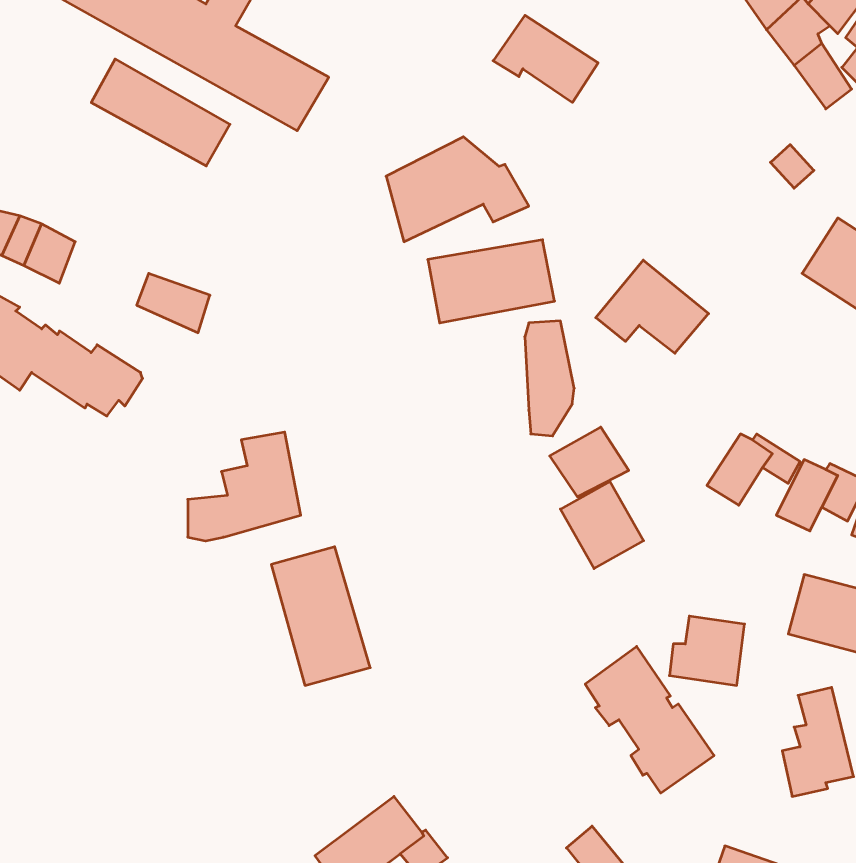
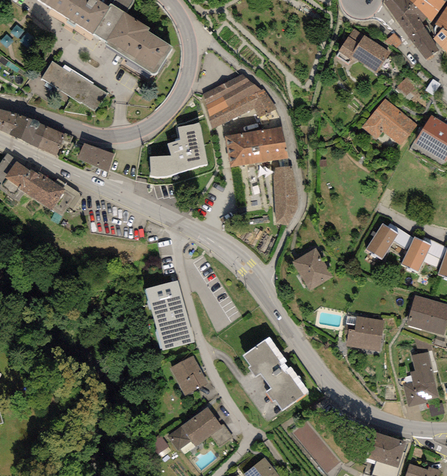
building: [493,15,598,102] -> [337,28,390,72]
building: [91,59,230,166] -> [33,62,103,116]
building: none -> [38,126,73,156]
building: [596,260,709,353] -> [361,98,418,145]
building: [550,427,629,497] -> none
building: [188,432,301,541] -> [150,122,207,177]
building: [585,646,714,793] -> [243,336,308,410]
building: none -> [170,355,207,394]

